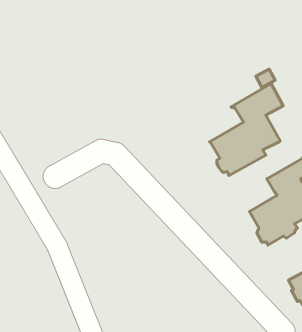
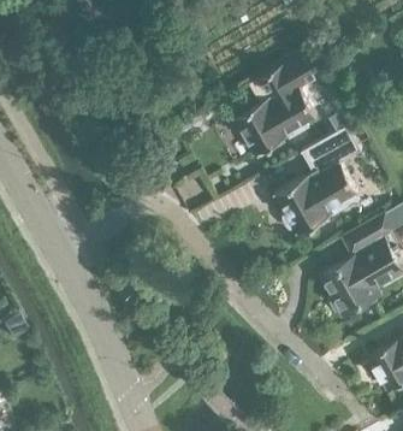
building: none -> [233,48,325,154]

